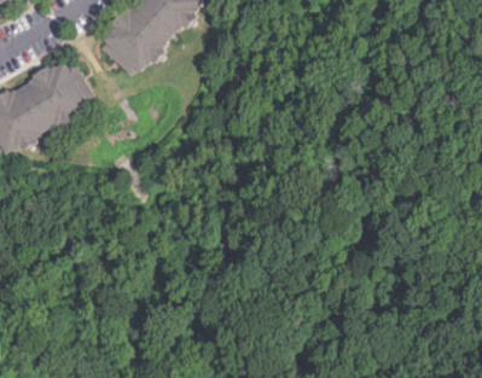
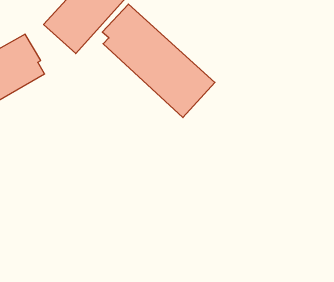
building: none -> [102,4,215,118]

